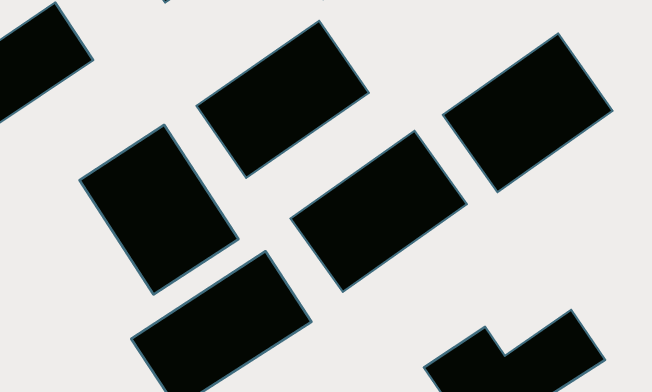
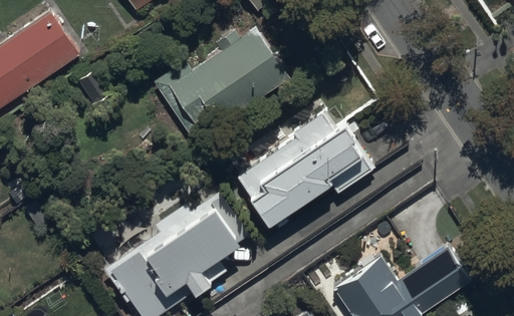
building: [443,33,613,192] -> none
building: [79,125,238,294] -> none

